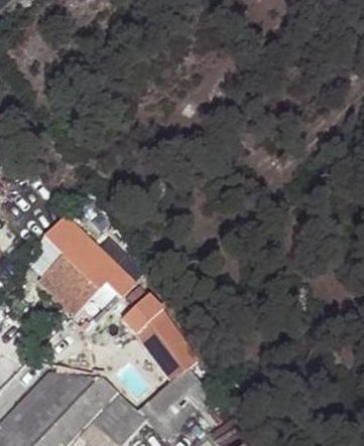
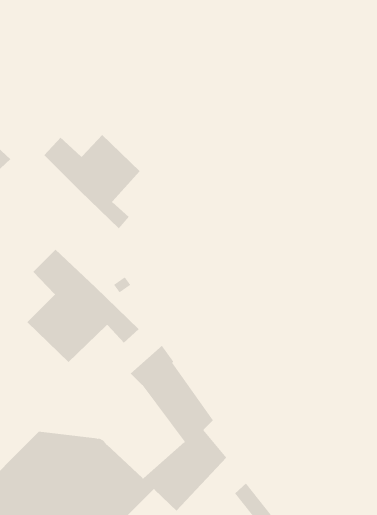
building: none -> [43,134,140,229]

